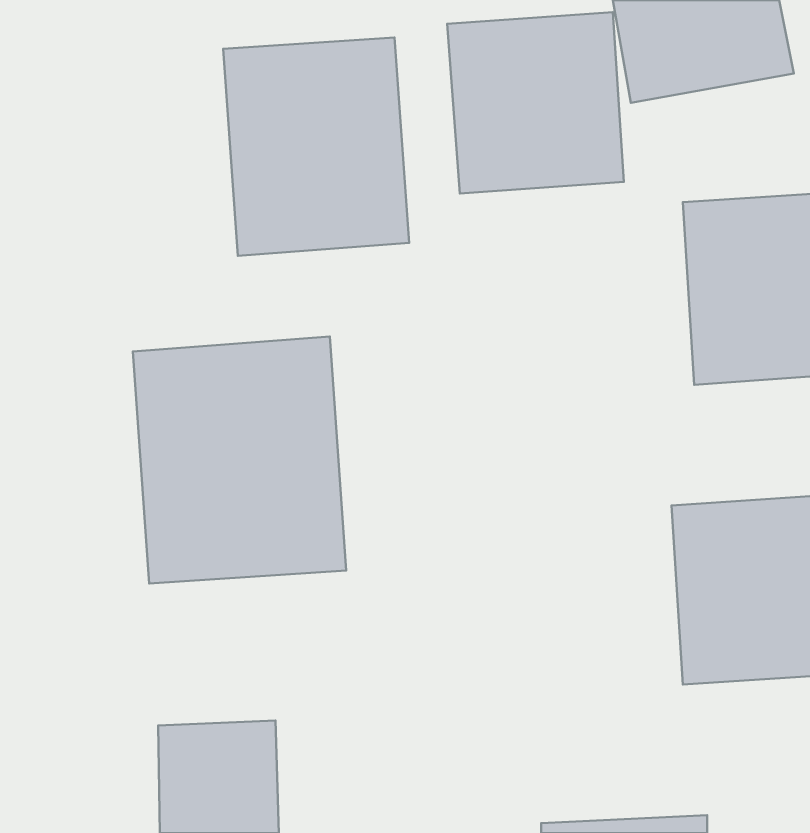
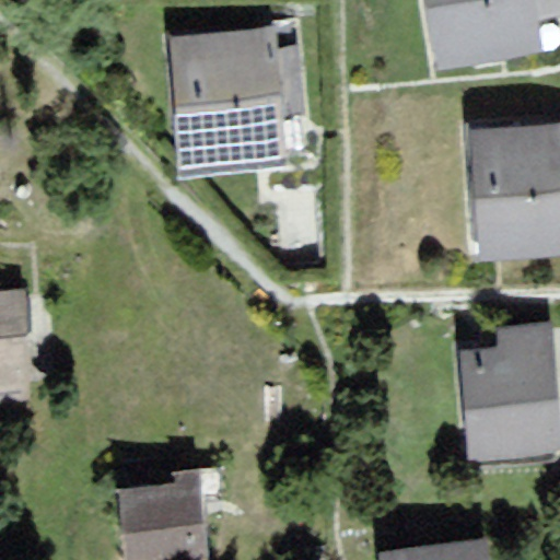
building: [447,12,624,193] -> none
building: [133,337,346,583] -> none

